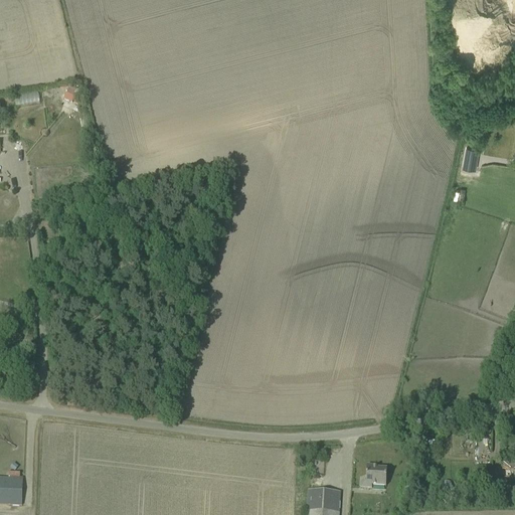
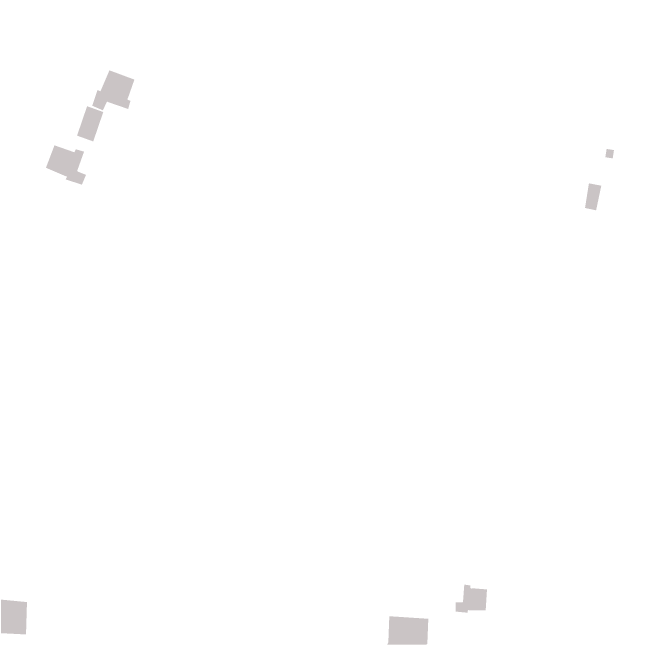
building: none -> [91,70,135,111]
building: none -> [45,144,87,185]

